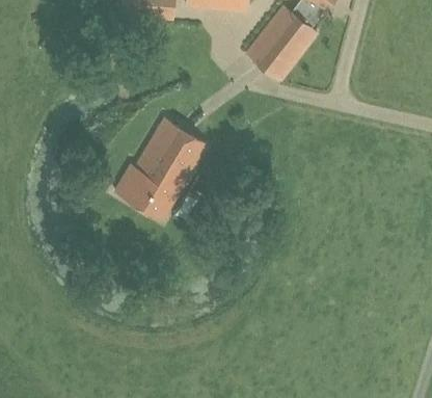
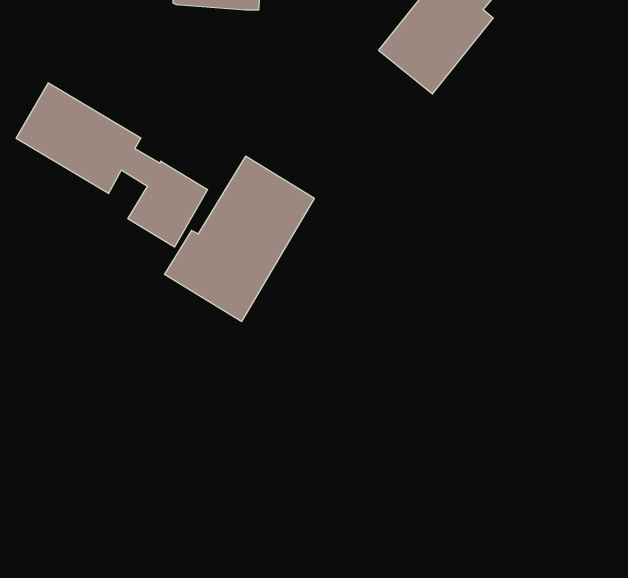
building: none -> [16,83,208,247]

